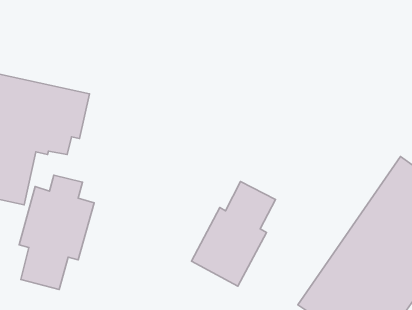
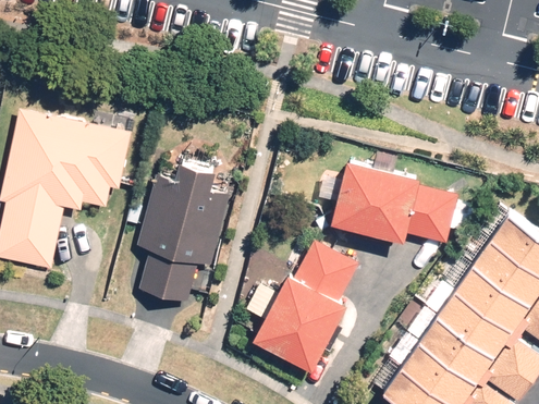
building: none -> [332,159,455,243]
building: [19,175,94,289] -> [137,162,229,302]

